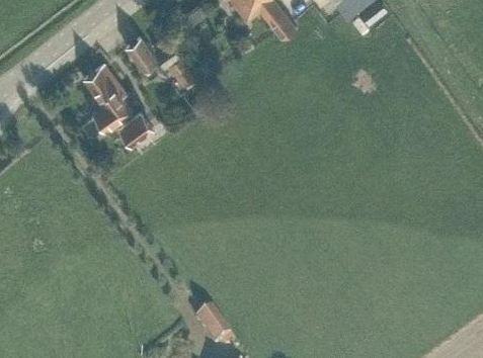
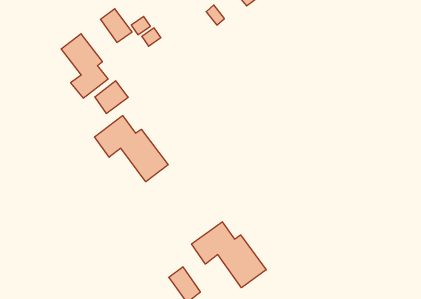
building: none -> [95,116,168,182]
building: none -> [192,222,266,288]

